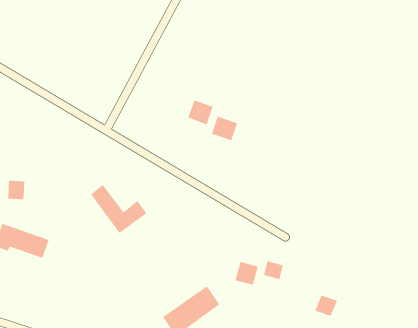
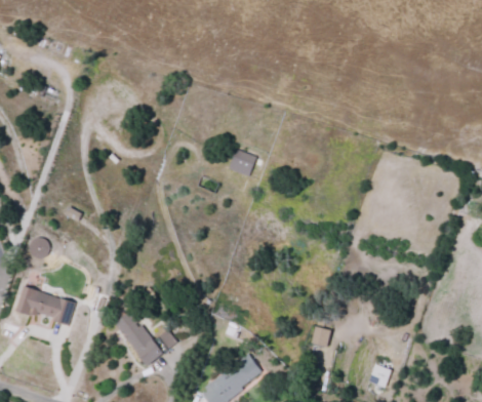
building: [211,116,238,141] -> none
building: [90,184,147,234] -> [114,312,176,366]
building: [235,261,258,286] -> none

